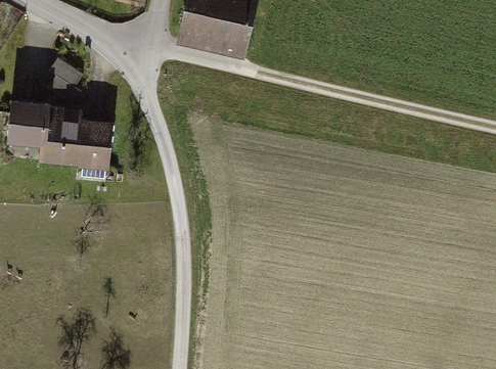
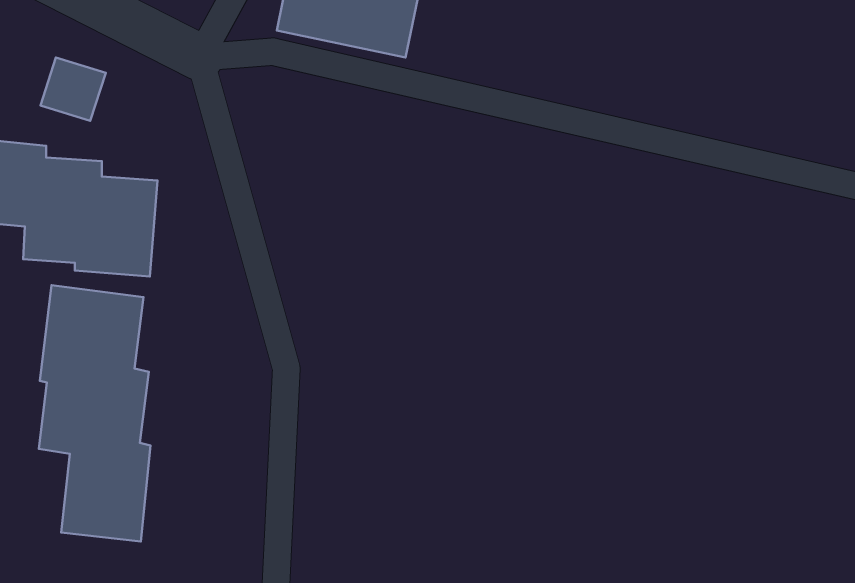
building: none -> [39,285,151,542]

